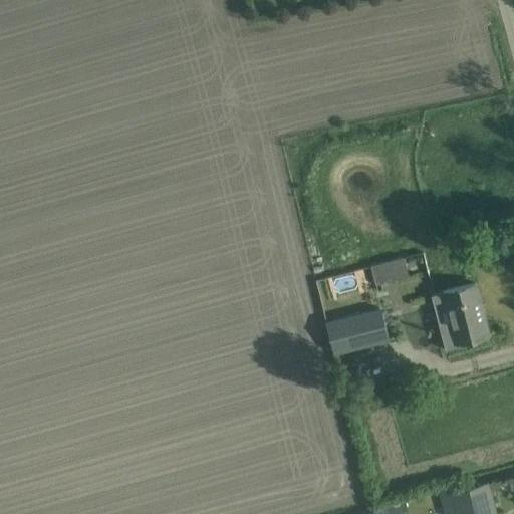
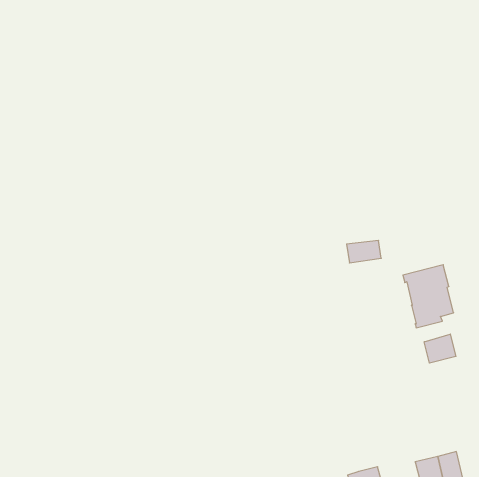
building: [325,311,388,356] -> none
building: none -> [424,334,456,363]

